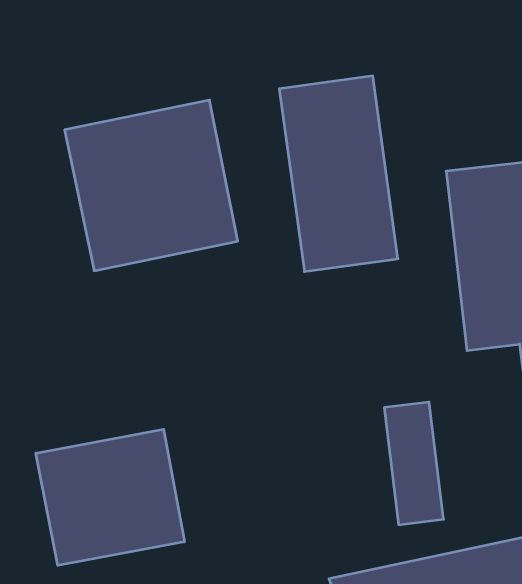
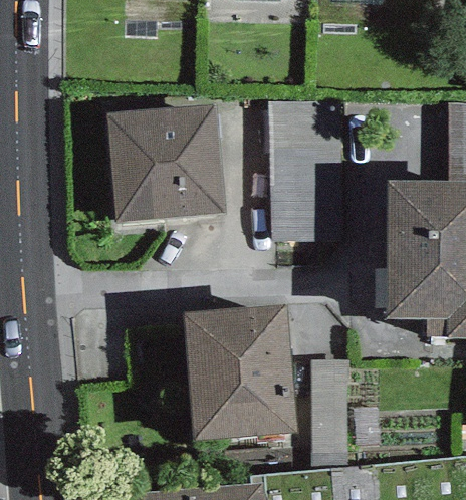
building: none -> [187,303,298,438]
building: [36,429,184,565] -> none

